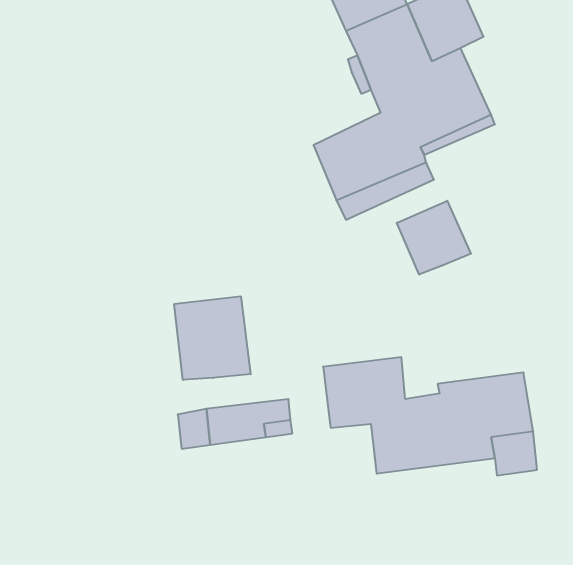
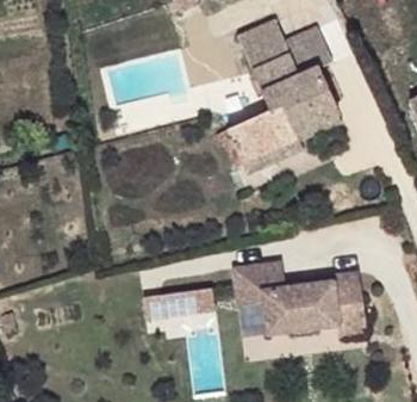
building: [397,201,471,275] -> none
building: [174,296,251,380] -> none

